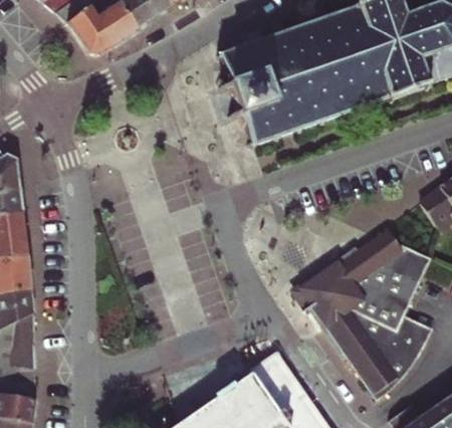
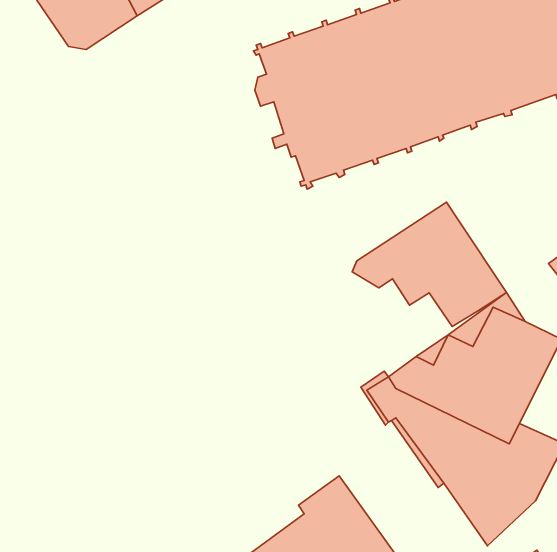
building: none -> [352,202,506,327]

